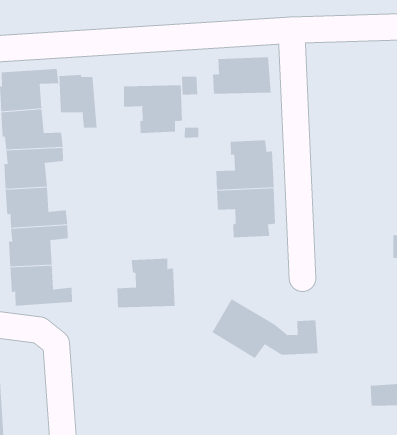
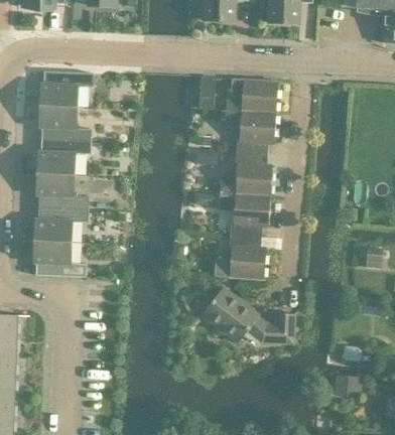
building: [59,74,97,129] -> none
building: [123,85,183,133] -> [223,109,275,153]
building: [116,258,176,308] -> [213,235,265,279]

